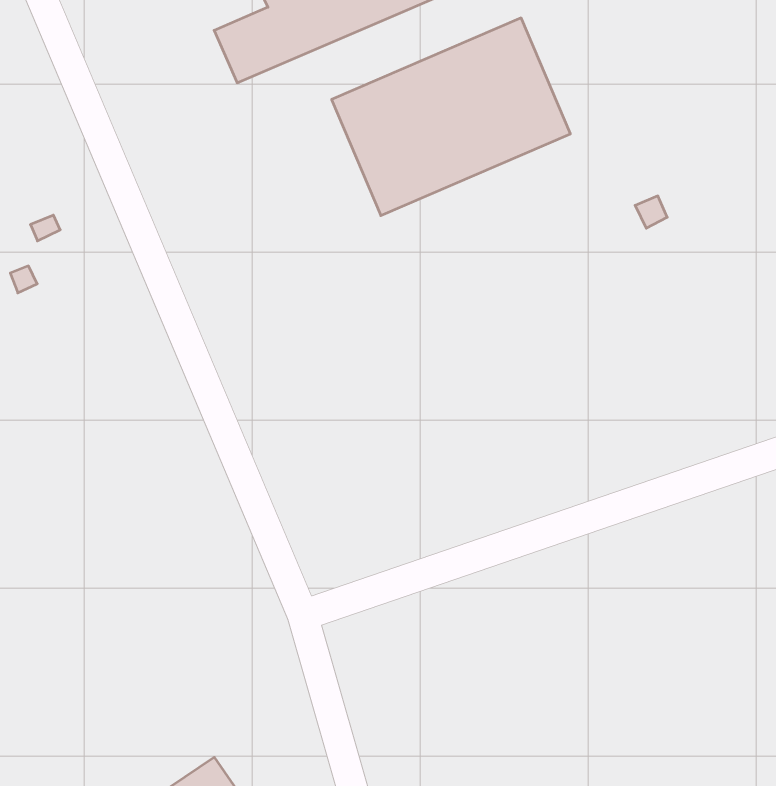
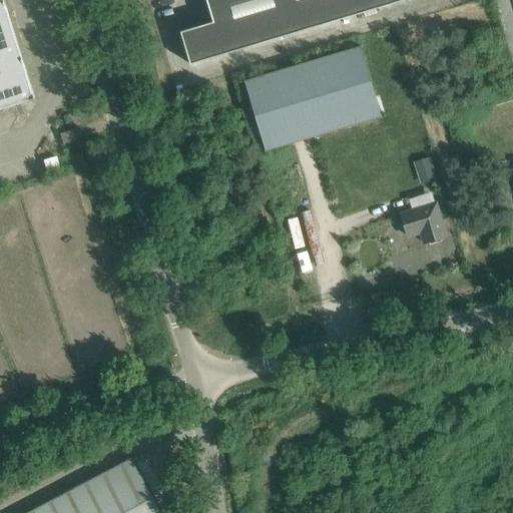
building: none -> [400,203,445,242]

